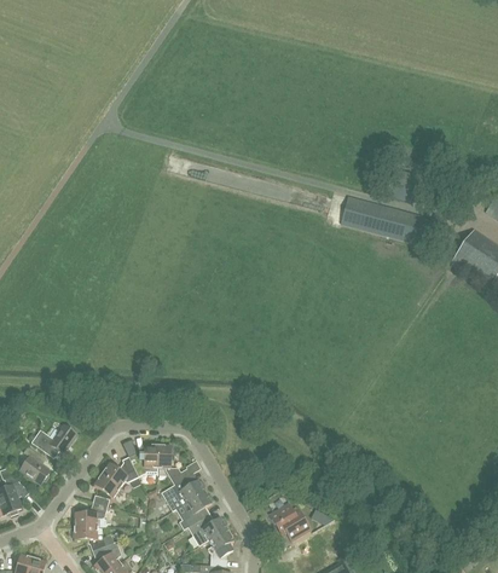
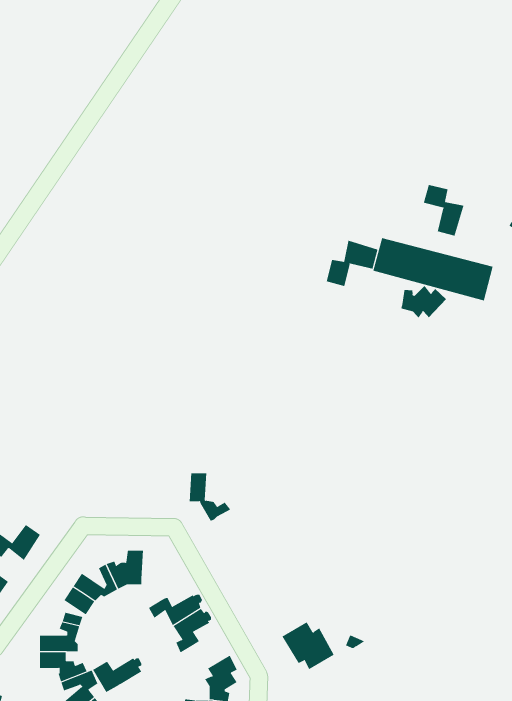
building: none -> [423,184,464,236]
building: none -> [326,240,378,287]
building: none -> [400,285,447,318]
building: [156,445,190,484] -> [189,473,231,521]
building: [186,517,226,545] -> [92,658,142,693]

